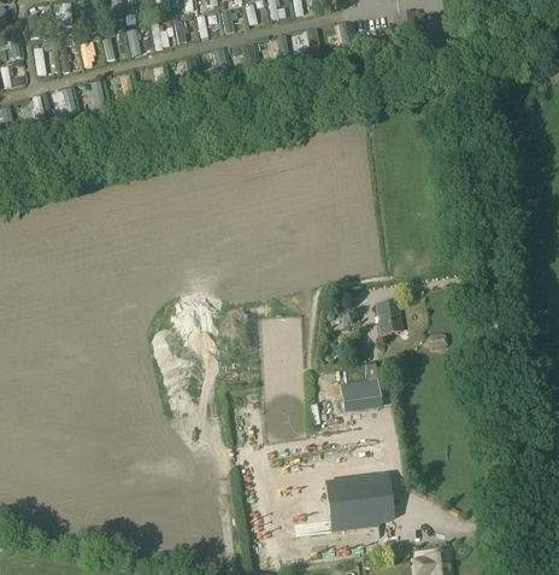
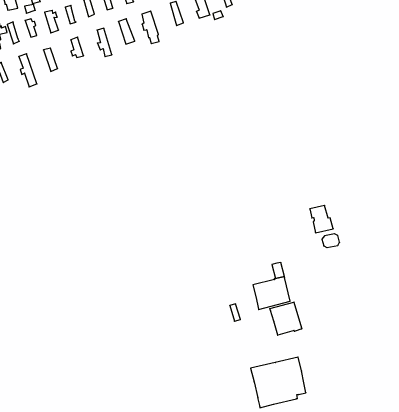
building: [377,300,402,331] -> [310,205,333,233]
building: none -> [270,302,302,335]

